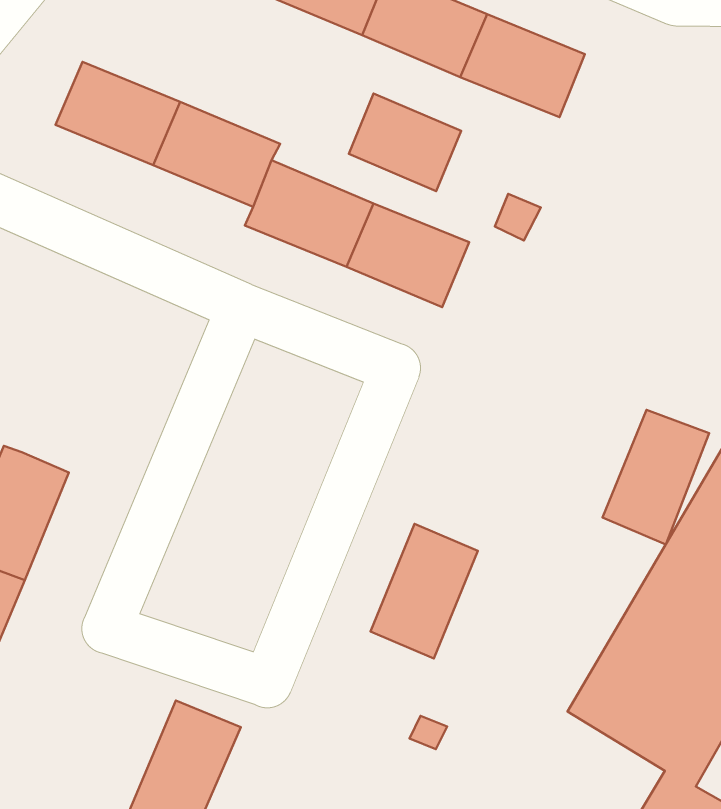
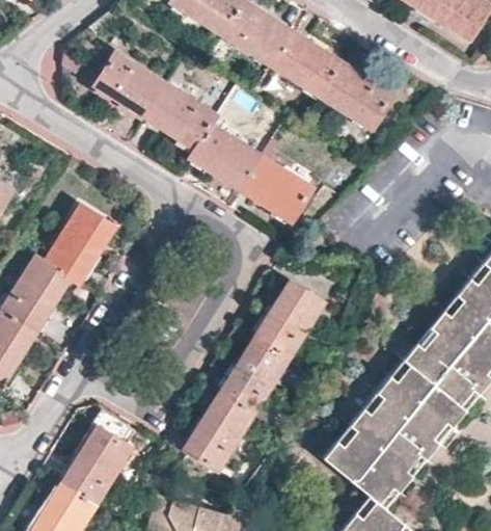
building: [349,93,461,191] -> none
building: none -> [46,207,113,283]
building: [602,410,709,545] -> [254,283,321,359]
building: none -> [185,393,252,469]

